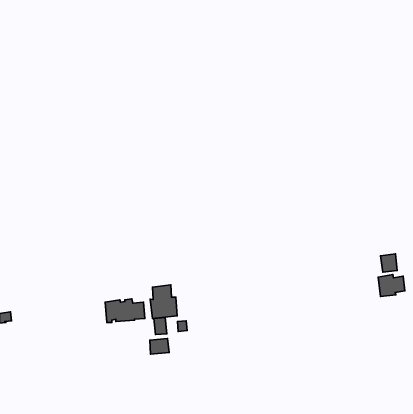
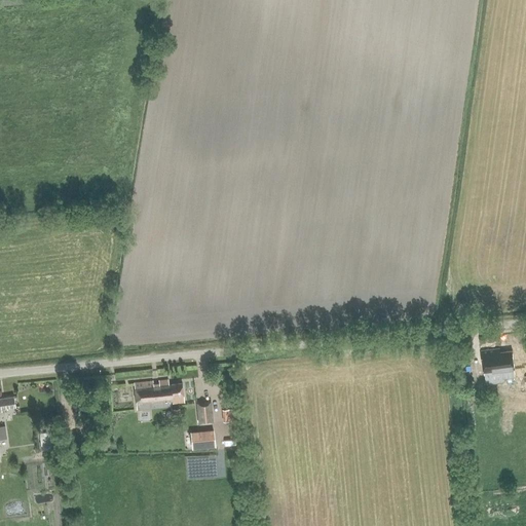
building: [381,254,397,272] -> none
building: [150,285,177,318] -> none

